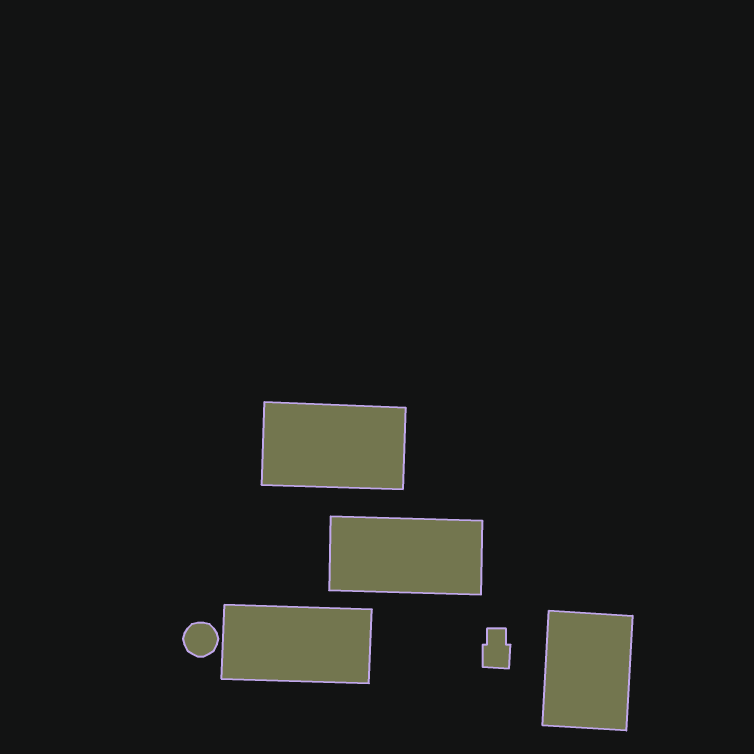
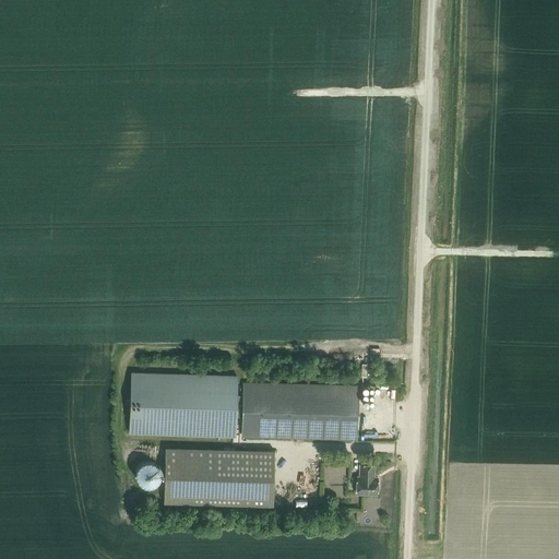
building: [261,402,406,489] -> [130,372,237,437]
building: [543,611,633,731] -> none

